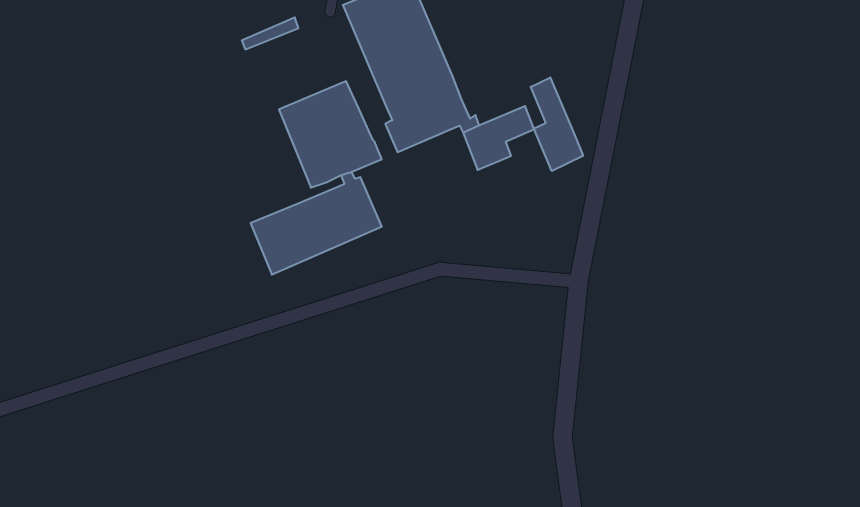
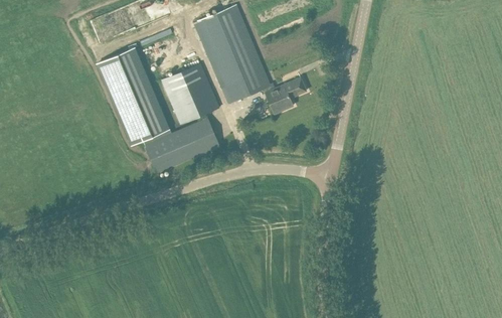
building: none -> [96,46,172,146]
building: [531,77,583,171] -> none

